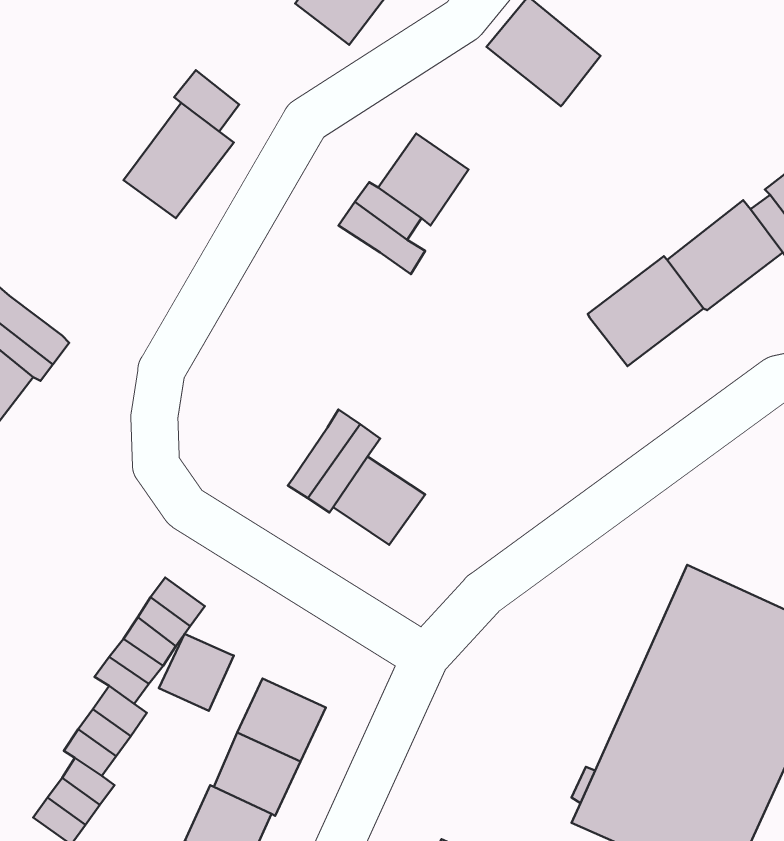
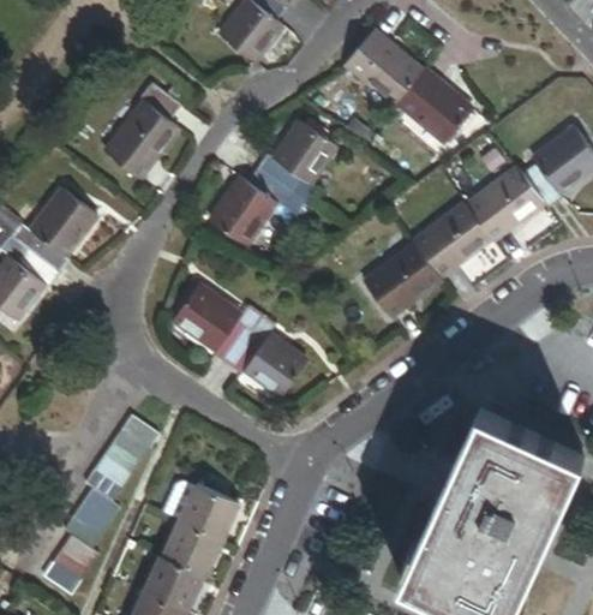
building: none -> [396,70,471,141]
building: none -> [210,177,275,244]
building: none -> [29,187,97,256]
building: none -> [364,244,441,316]
building: none -> [173,286,240,351]
building: [159,634,234,711] -> none

